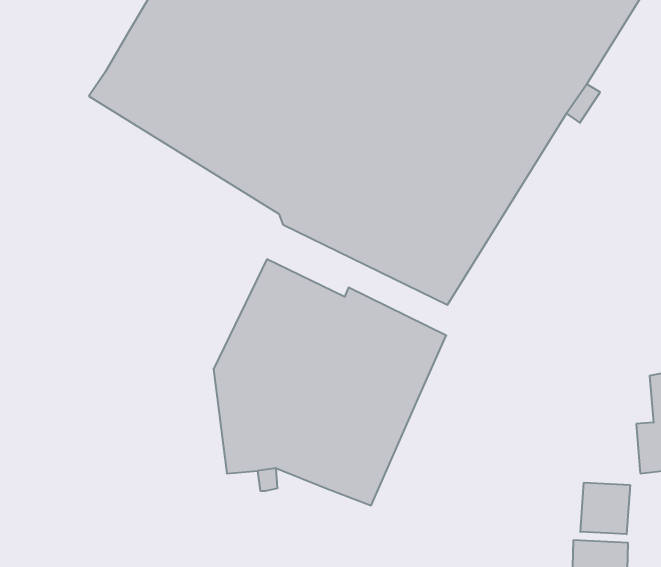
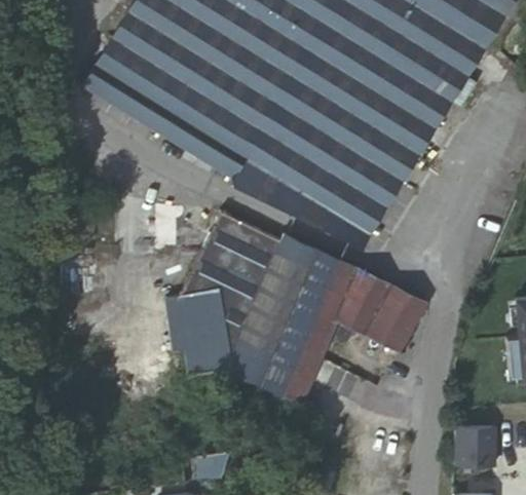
building: none -> [337,269,426,348]
building: [580,483,630,534] -> none

